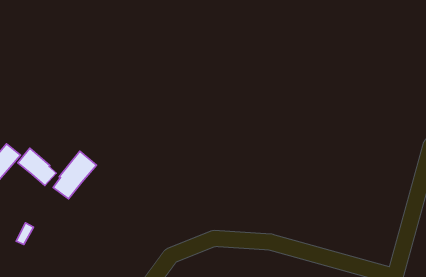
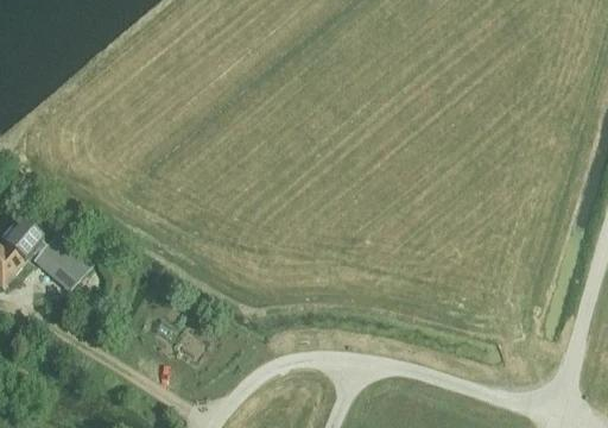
building: [53,151,97,199] -> none

